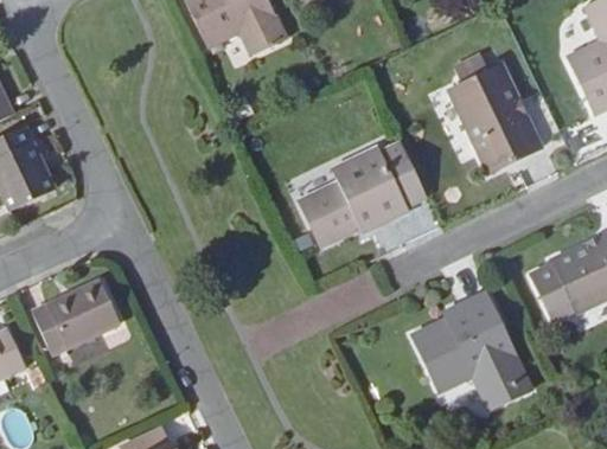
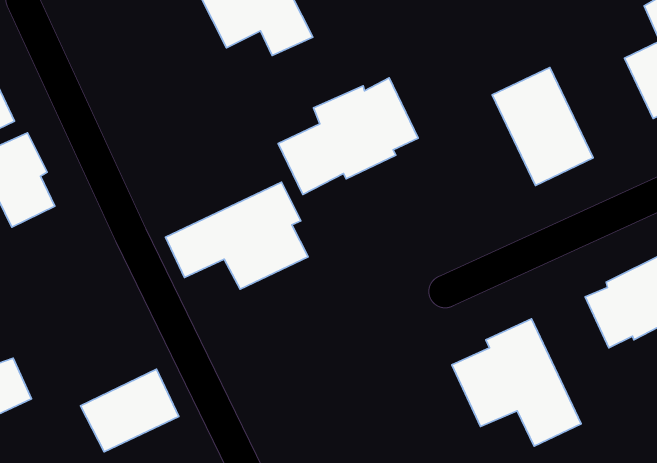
building: [298,141,424,246] -> [278,78,418,194]
building: none -> [165,182,308,289]
building: [34,278,123,353] -> [81,369,179,452]

